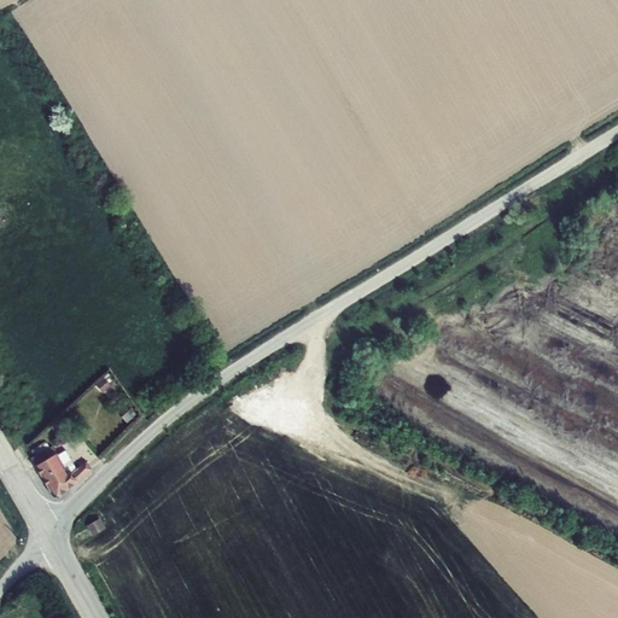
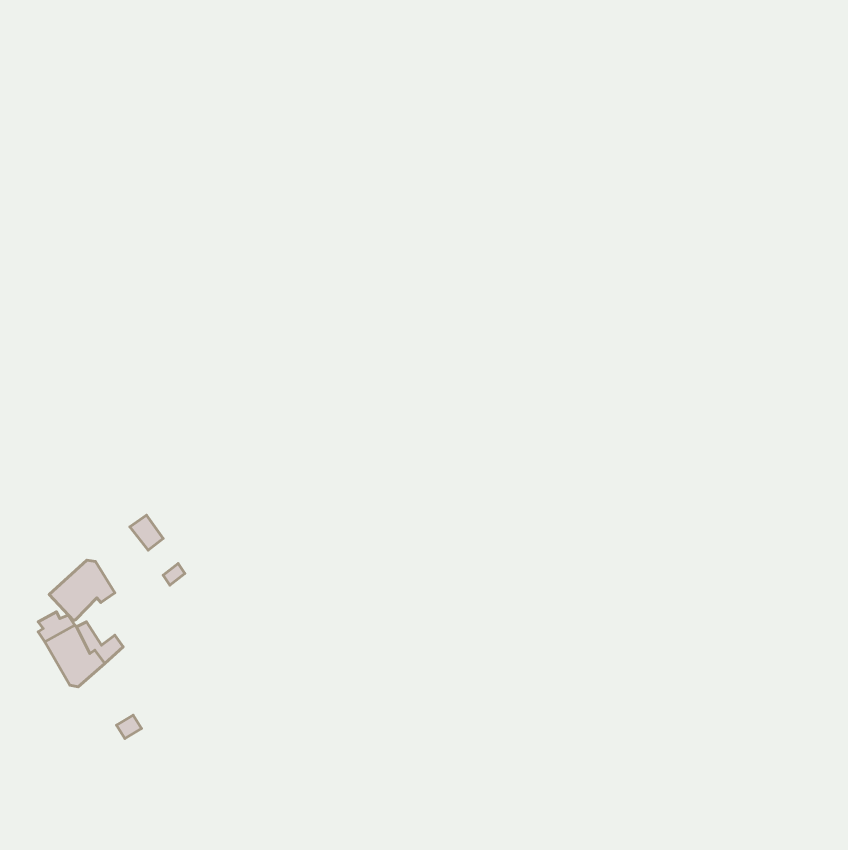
building: none -> [49,560,115,621]

